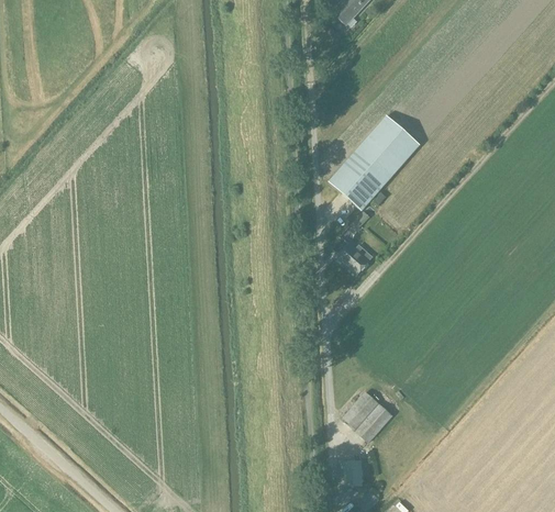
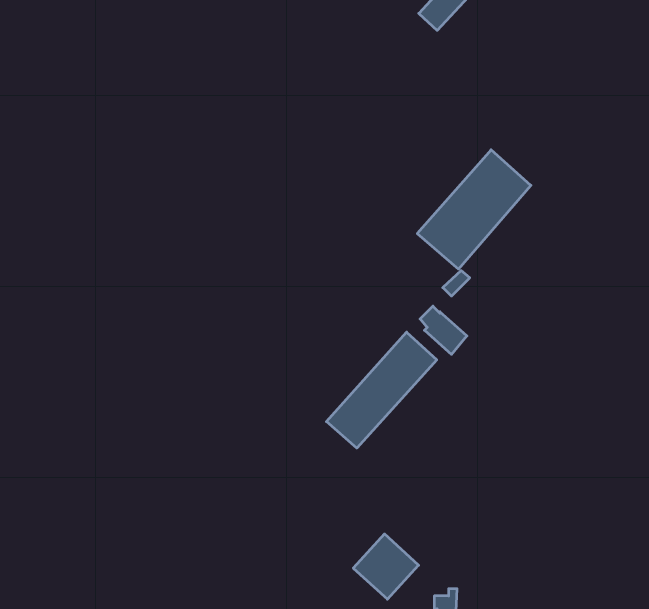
building: none -> [326,332,437,448]
building: [342,391,392,442] -> [353,534,419,599]

